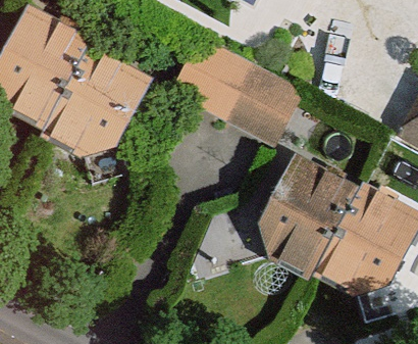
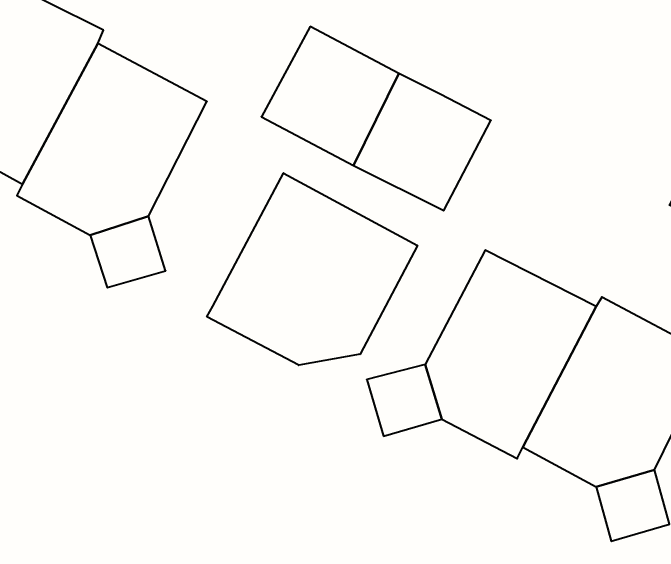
building: none -> [207,173,417,365]

